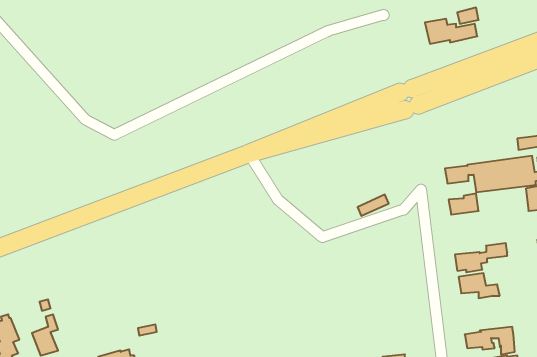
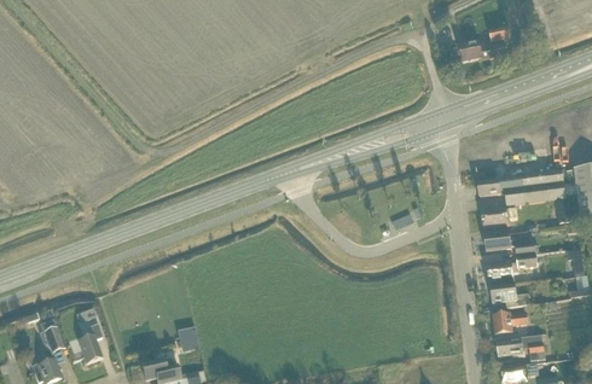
building: none -> [484,234,536,257]
building: none -> [494,306,530,334]

